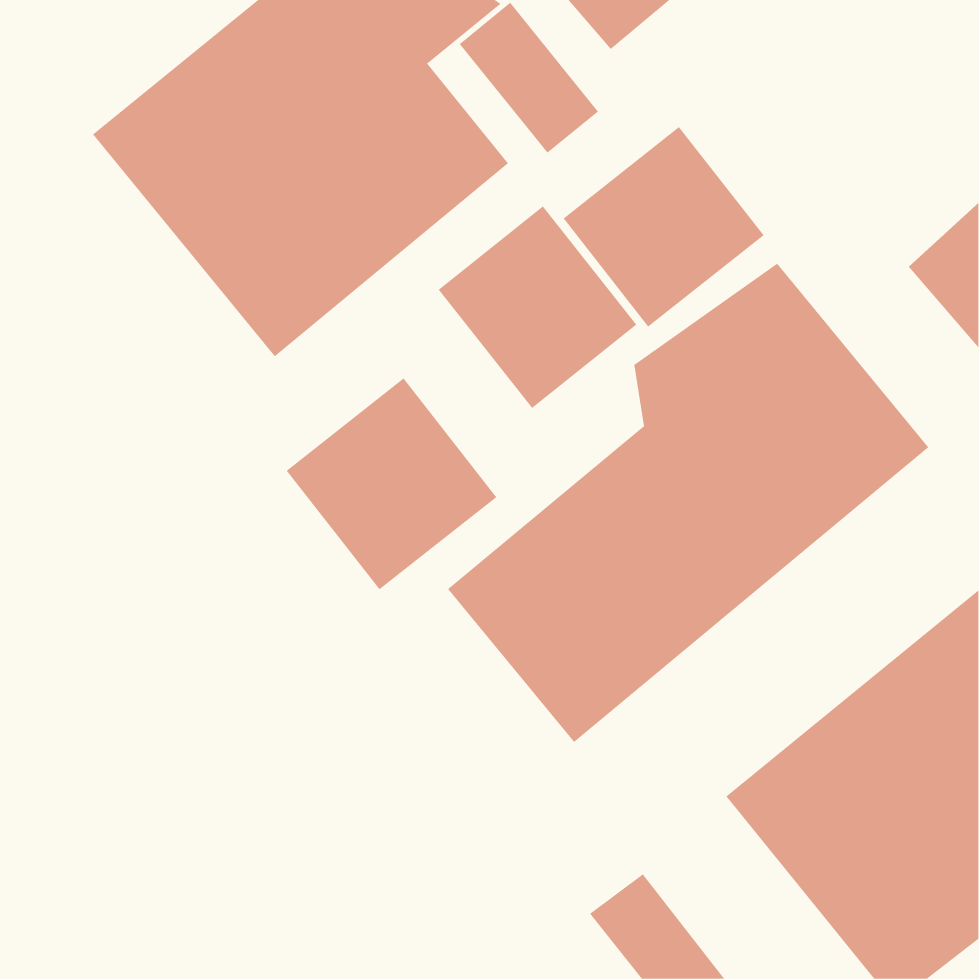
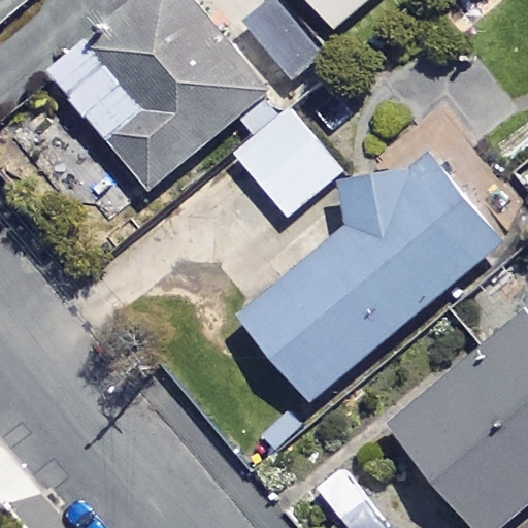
building: [563,126,764,327] -> none
building: [286,378,497,590] -> none

